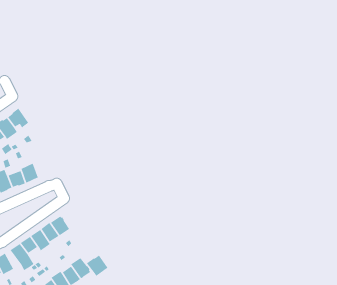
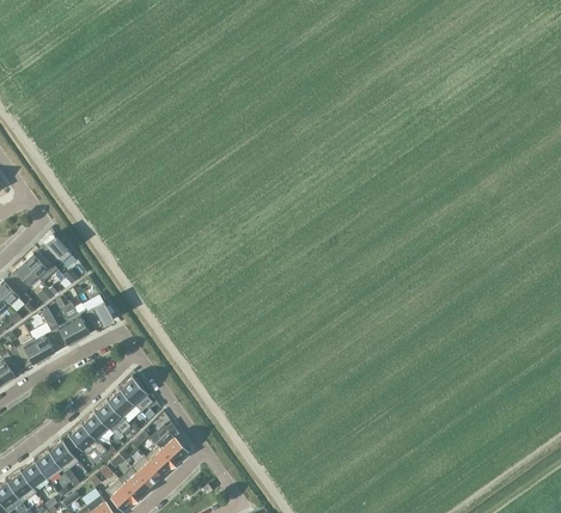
building: none -> [81,294,114,329]
building: [86,255,108,277] -> none

